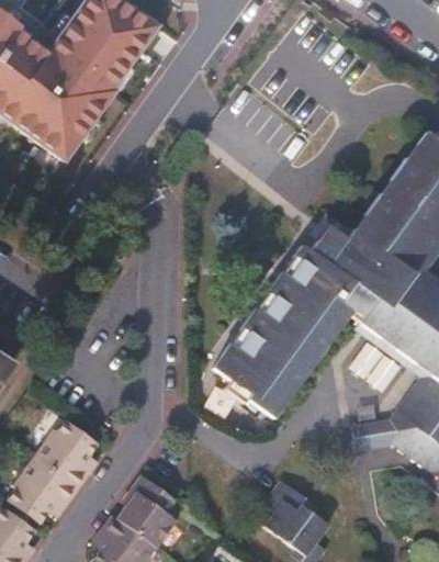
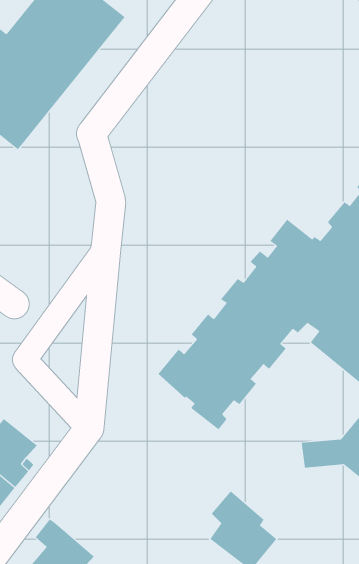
building: [121,472,179,546] -> none

